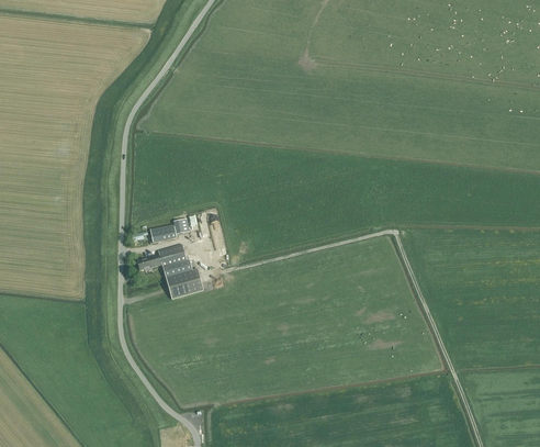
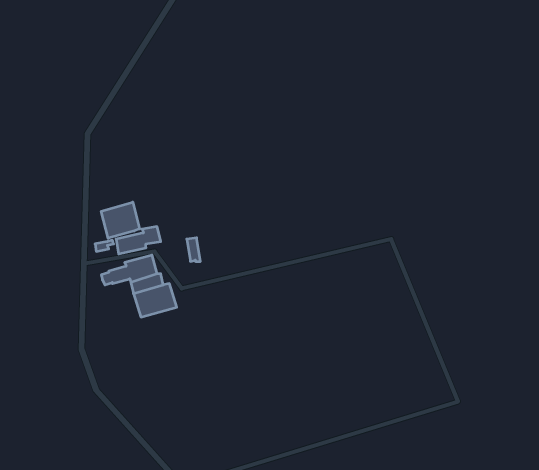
building: none -> [101,202,140,238]

